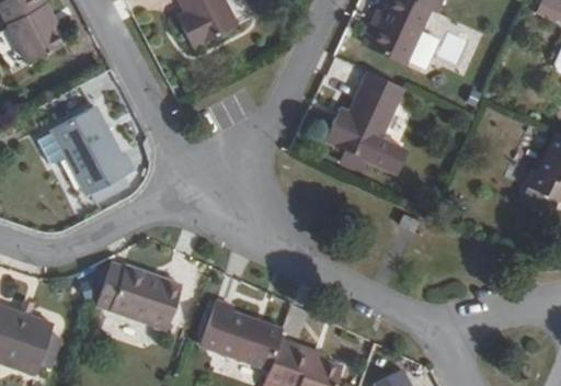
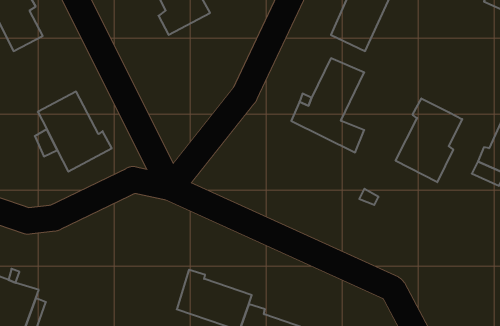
building: none -> [396,98,462,182]
building: [96,263,181,328] -> none

